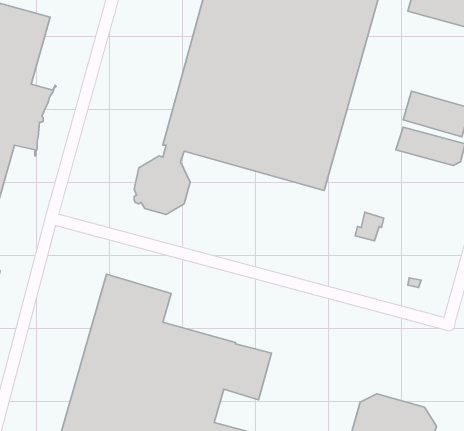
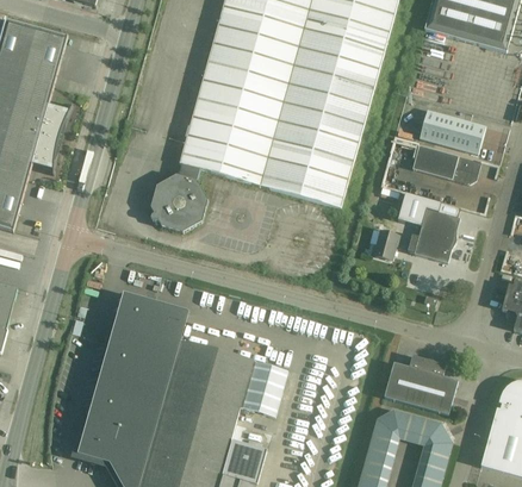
building: none -> [397,193,459,263]
building: none -> [383,355,456,414]

